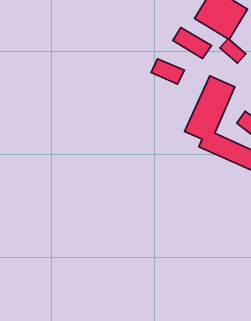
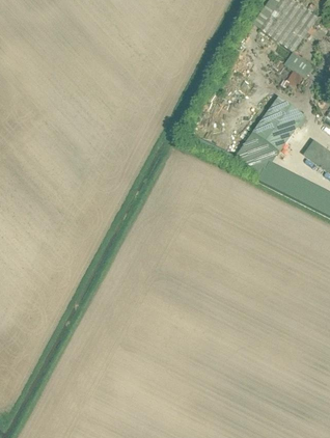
building: [173,28,212,59] -> none
building: [151,59,184,84] -> none

